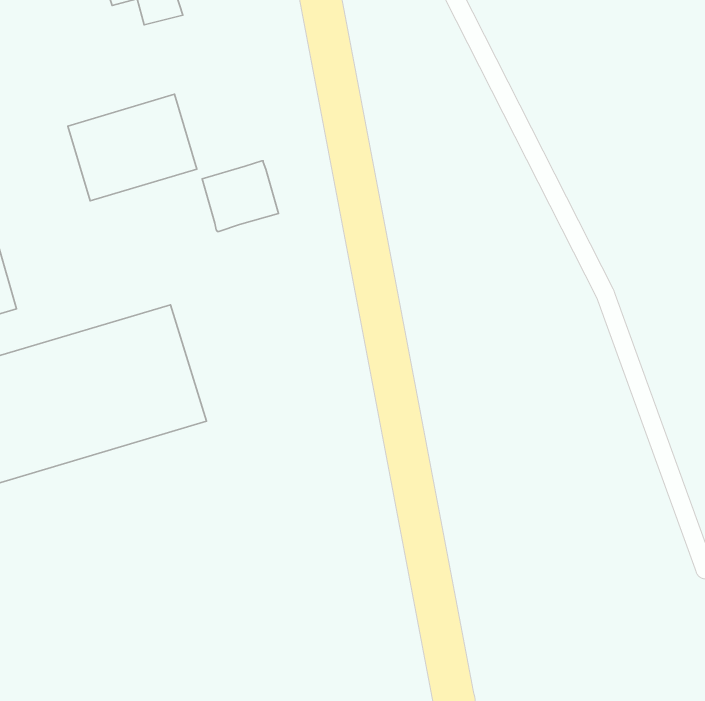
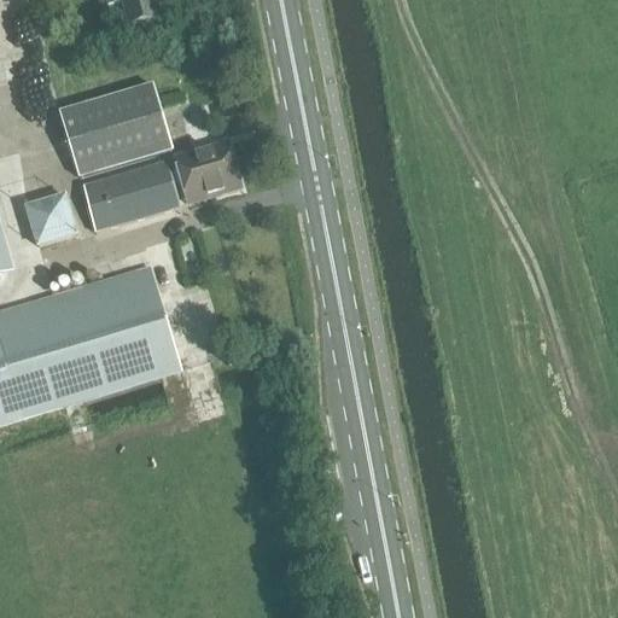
building: none -> [80,158,181,229]
building: none -> [25,194,75,243]

